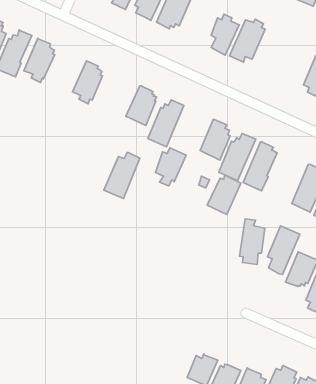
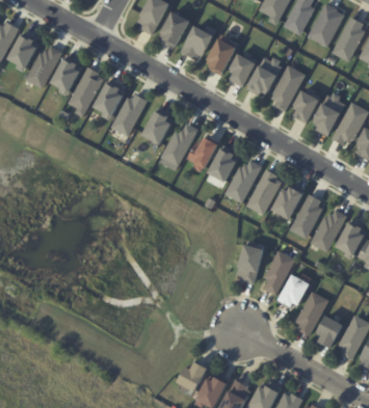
building: none -> [206,38,236,75]
building: none -> [269,62,304,110]
building: none -> [291,85,319,123]
building: none -> [68,67,103,117]
building: [155,148,186,186] -> [187,135,217,170]
building: [104,152,140,198] -> [110,94,147,137]
building: [207,176,241,214] -> [271,184,305,220]

